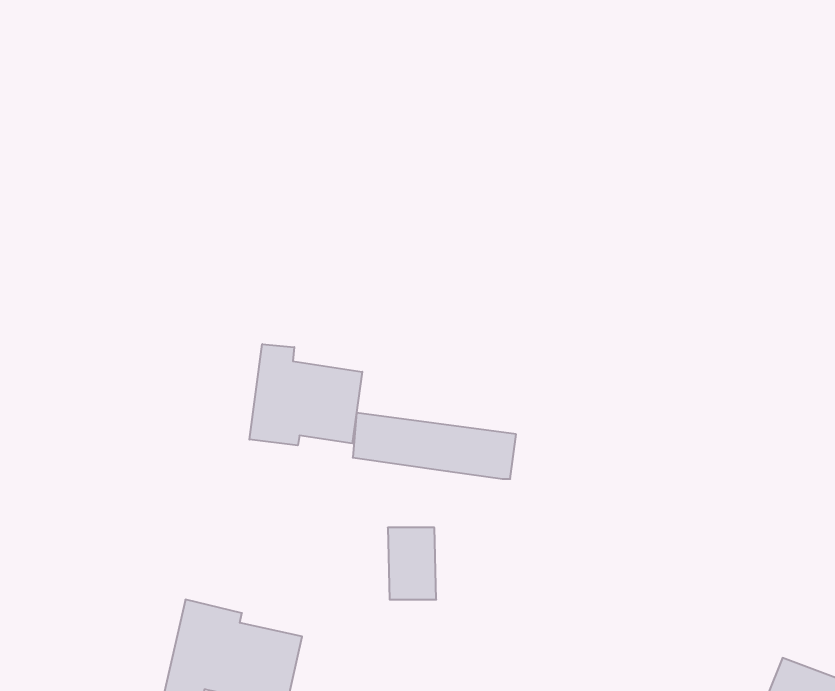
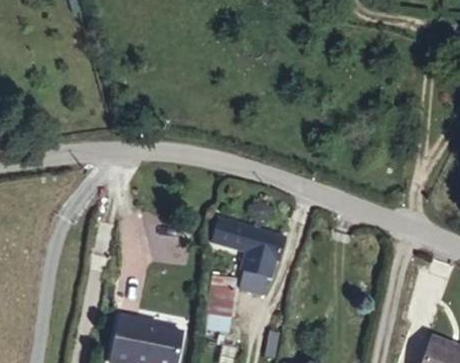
building: [249,344,362,445] -> none
building: none -> [249,247,280,288]

